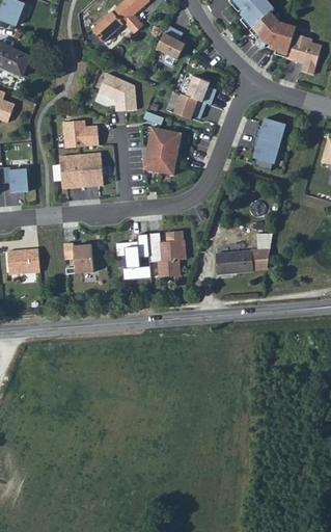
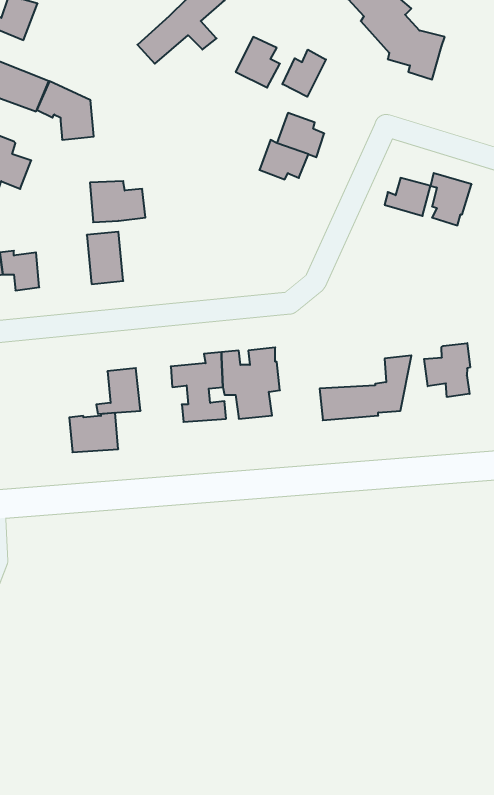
building: [284,32,320,74] -> none
building: none -> [282,50,326,97]
building: [99,74,136,112] -> [37,81,94,140]
building: [144,129,183,177] -> none
building: [252,136,279,170] -> [430,173,472,225]
building: [80,152,104,186] -> none
building: none -> [424,343,470,397]
building: [8,247,40,273] -> [69,413,118,452]

